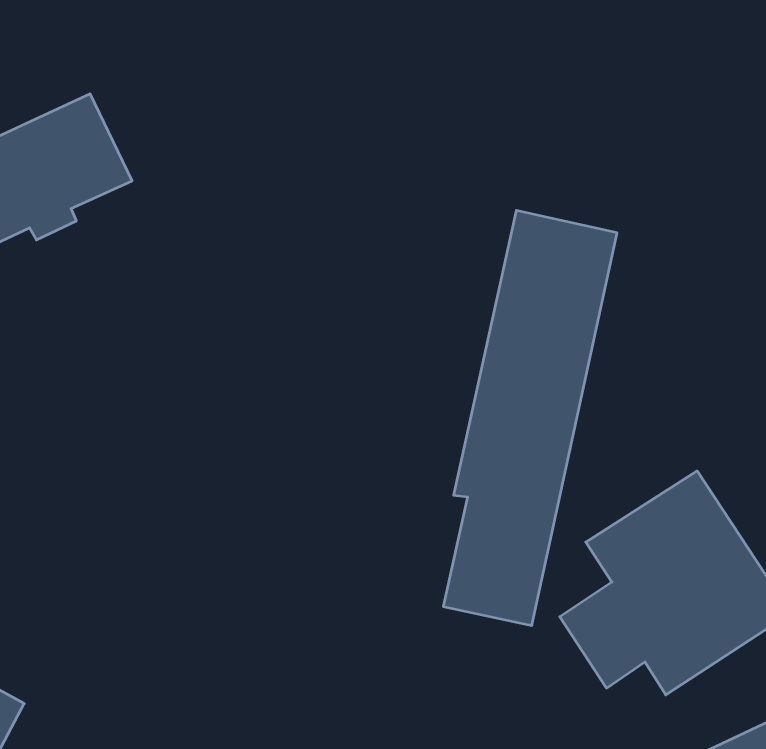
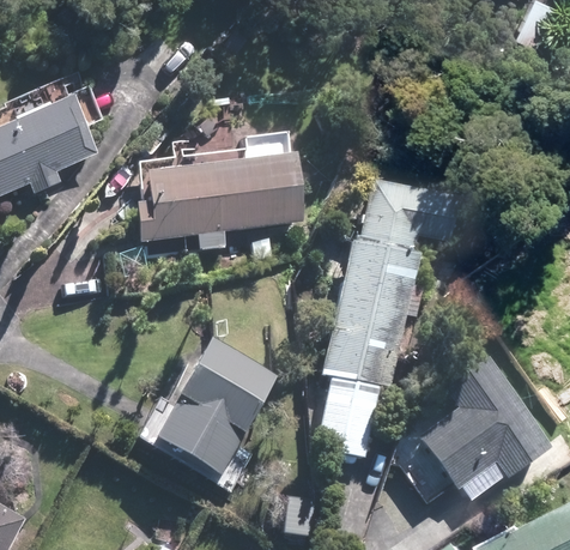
building: none -> [135,147,303,250]
building: none -> [146,336,279,483]

